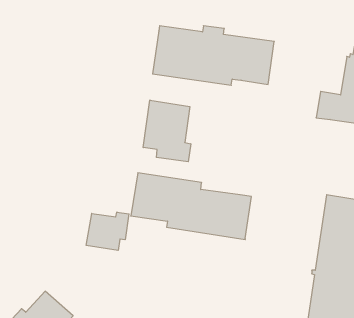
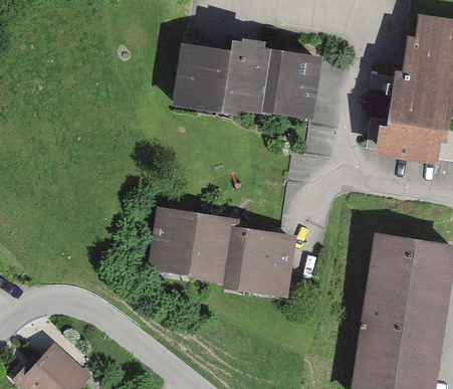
building: [143,100,191,162] -> none
building: [86,212,129,250] -> none

